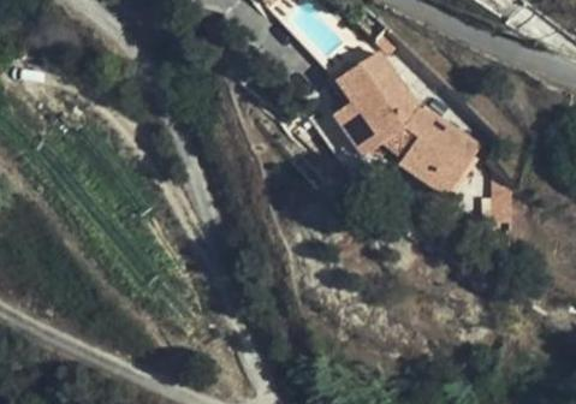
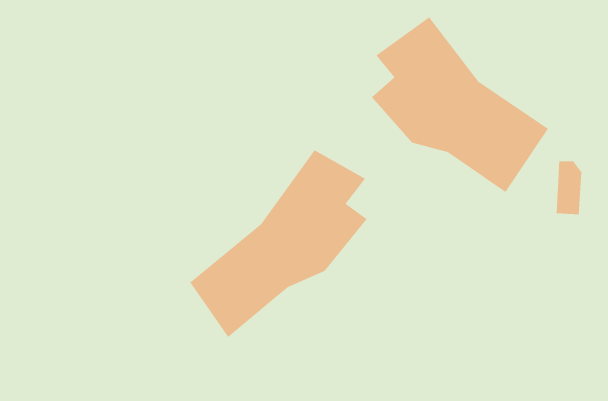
building: none -> [189,150,367,338]

